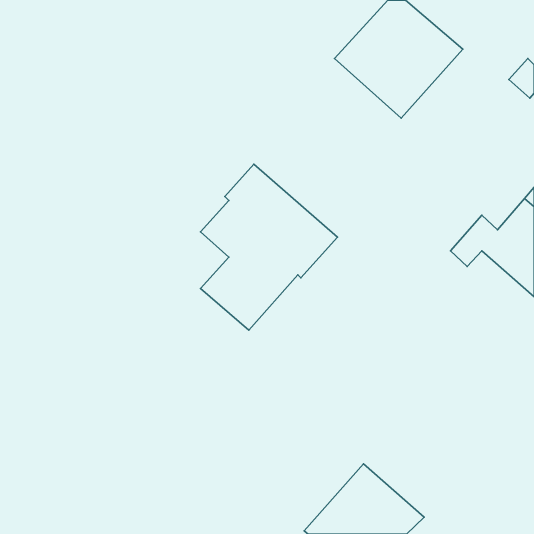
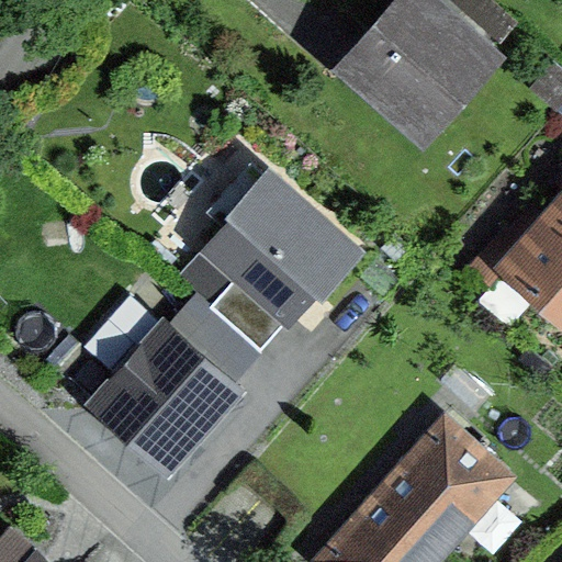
building: none -> [97,323,236,463]
building: none -> [382,417,507,543]

